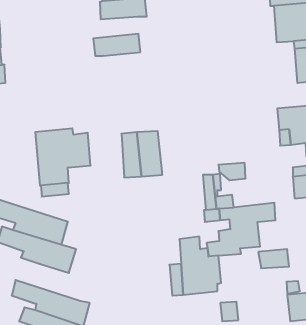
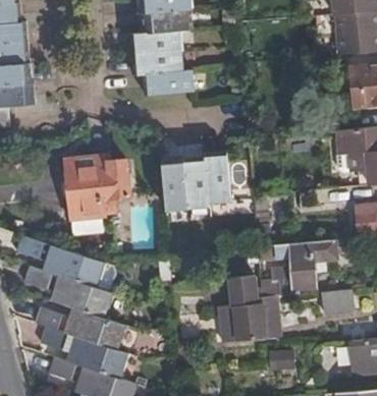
building: none -> [130,30,182,54]
building: none -> [143,69,195,95]
building: none -> [204,153,230,204]
building: none -> [34,306,124,348]

